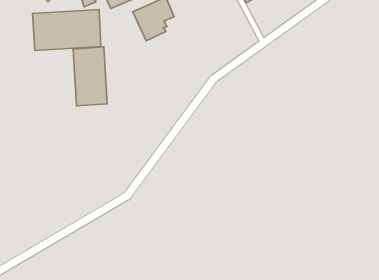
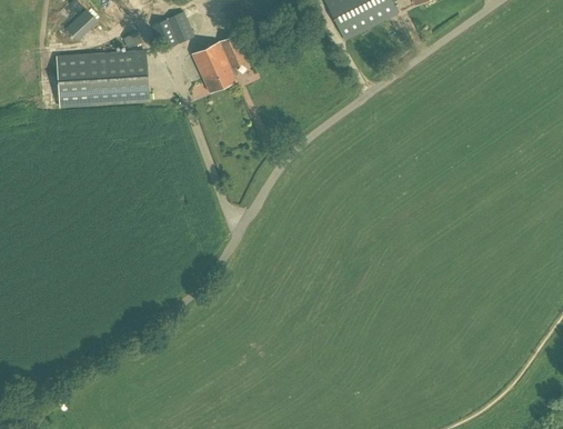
building: [73,47,107,106] -> none

